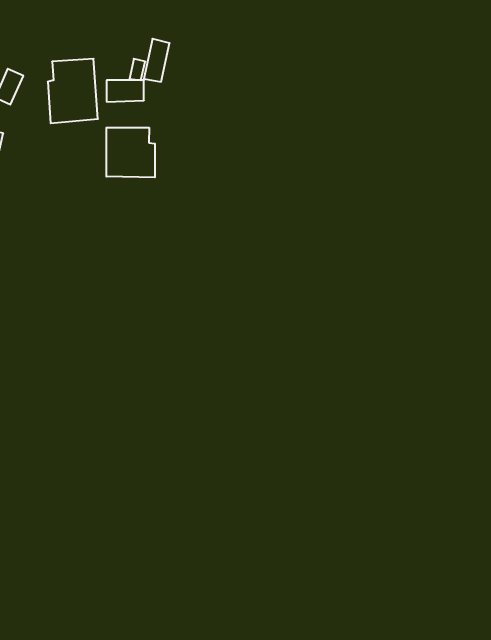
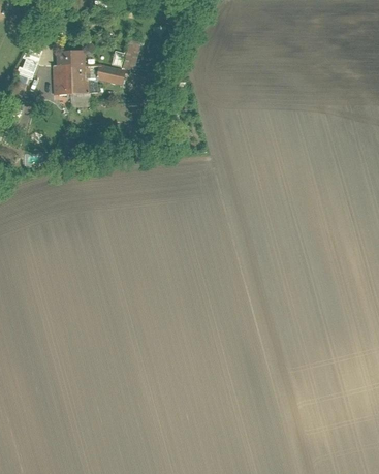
building: [106,128,155,177] -> none

